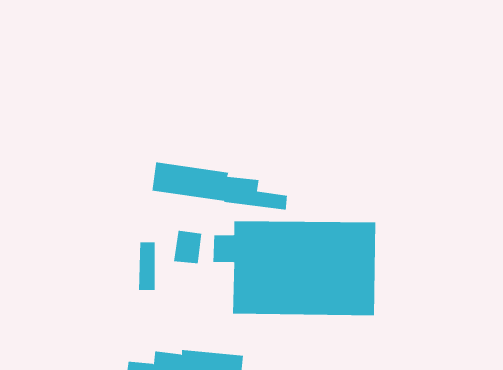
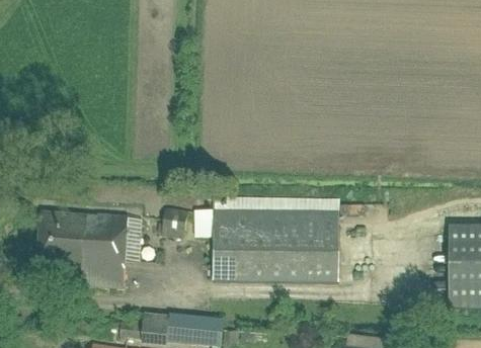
building: [152,162,287,211] -> none
building: none -> [37,211,128,288]

